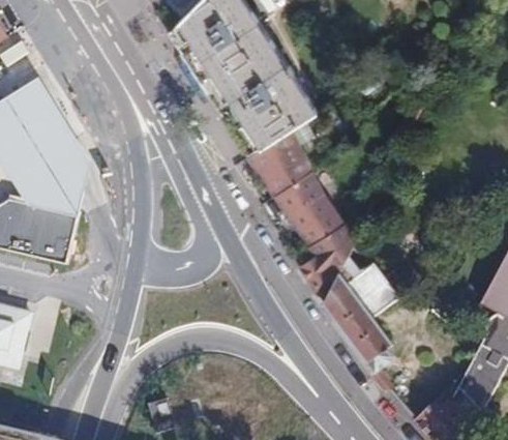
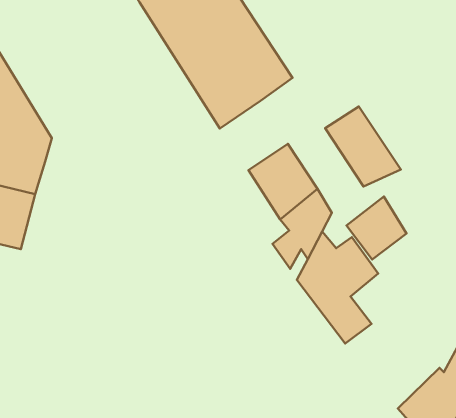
building: [248,129,312,195] -> none
building: none -> [325,107,401,186]
building: none -> [346,197,407,259]

